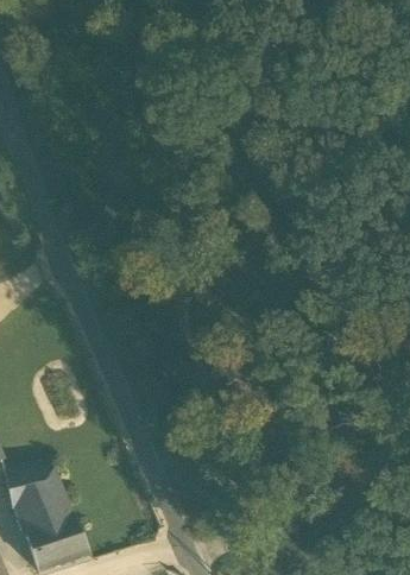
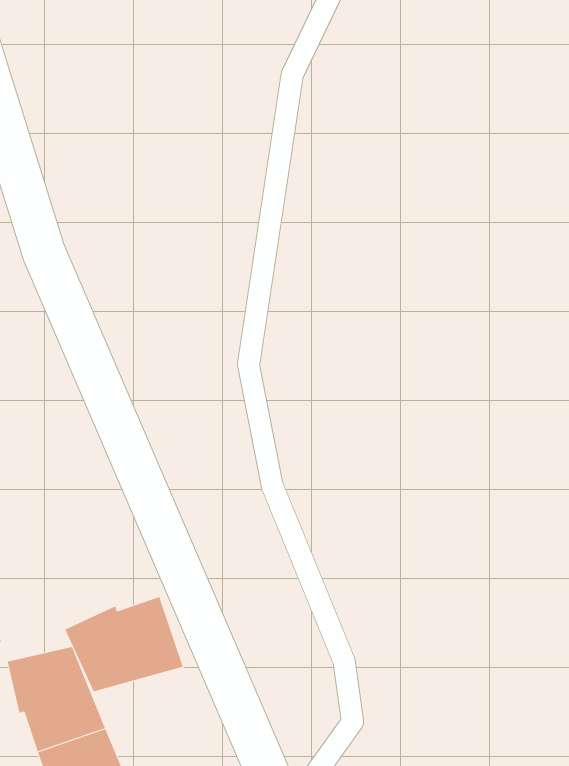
building: none -> [64,596,184,692]

